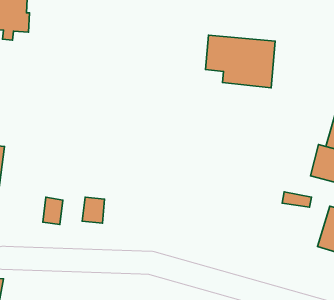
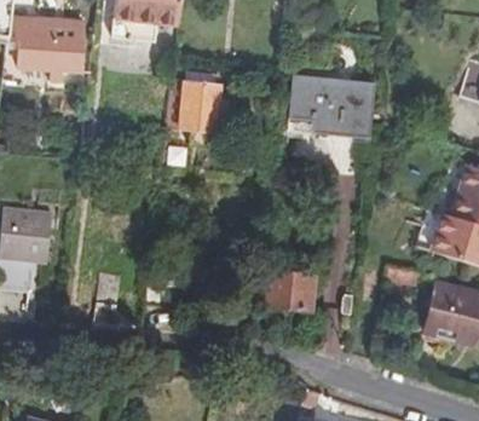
building: none -> [166,75,221,129]
building: none -> [264,270,312,307]

